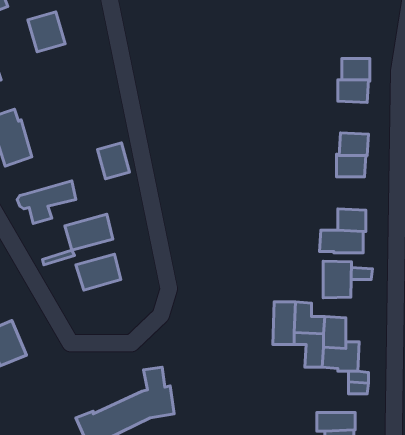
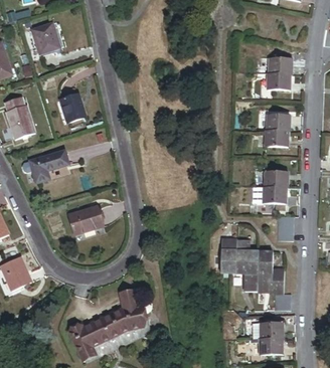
building: [97,143,129,179] -> [61,94,86,121]
building: [65,214,113,250] -> none
building: [323,261,351,298] -> none

